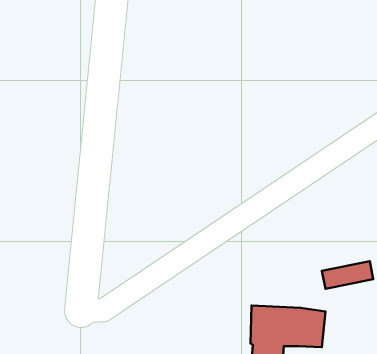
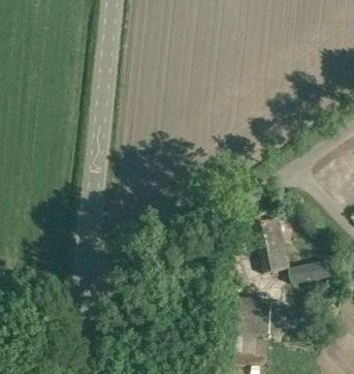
building: none -> [254,218,289,273]

